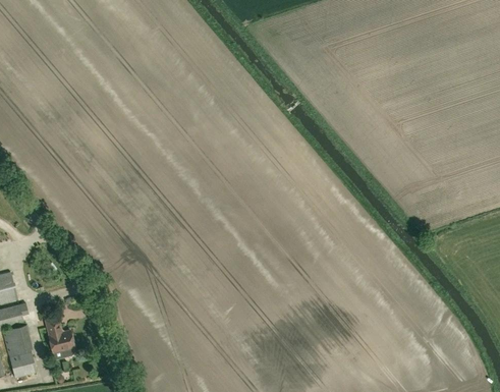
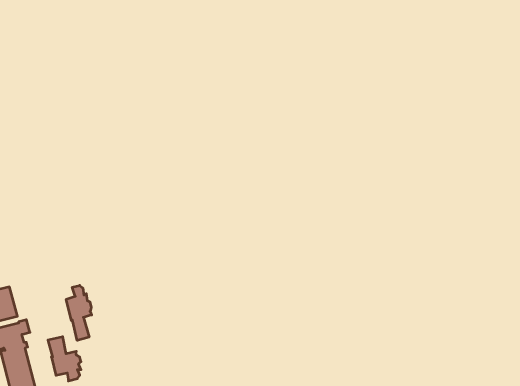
building: none -> [66,285,92,340]

